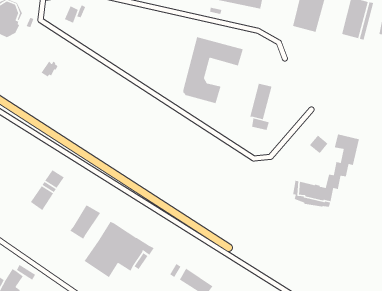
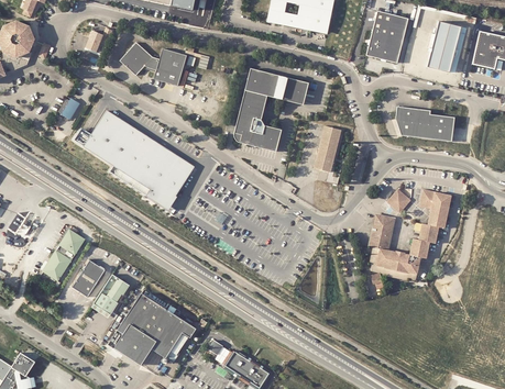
building: none -> [118,42,185,85]
building: none -> [394,105,453,141]
building: none -> [75,110,195,210]
building: none -> [366,212,391,247]
building: none -> [73,260,107,298]

